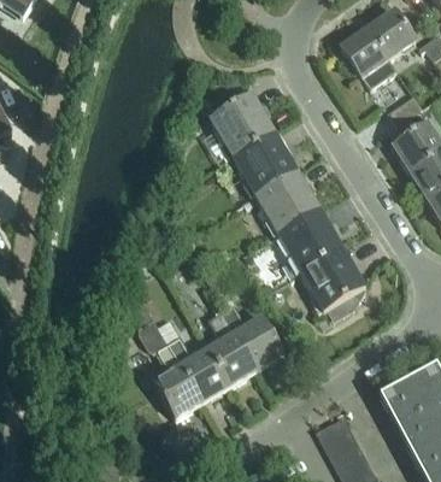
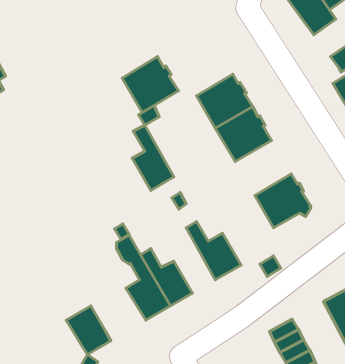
building: [211,93,276,158] -> [122,56,178,113]
building: [278,210,343,274] -> none
building: [207,311,255,387] -> [132,125,174,190]
building: none -> [66,306,111,354]

